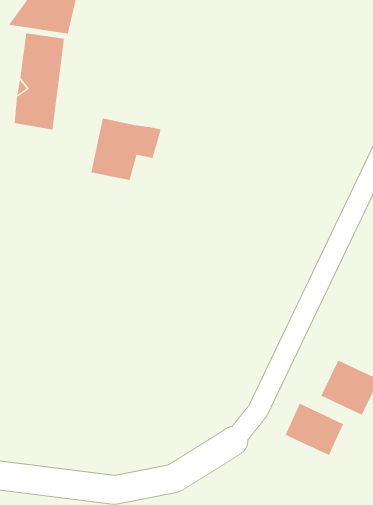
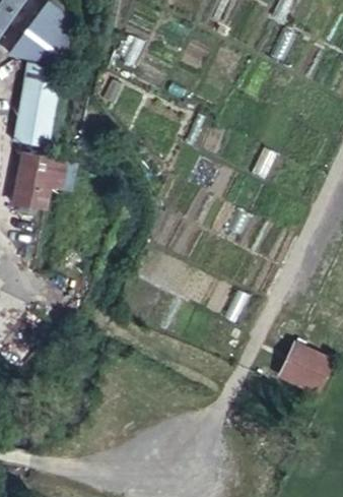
building: [91,118,161,181] -> [13,154,75,209]
building: [285,403,344,456] -> none

